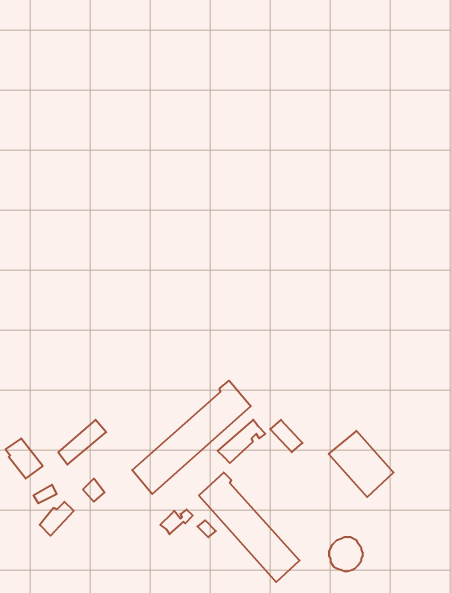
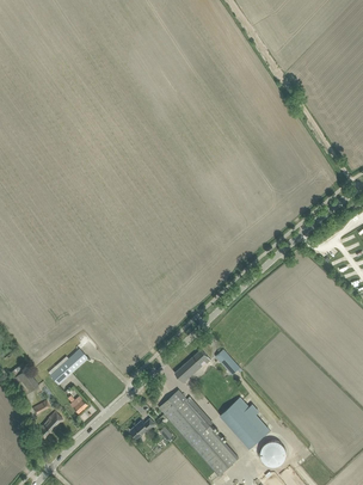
building: [132,381,251,494] -> none
building: [329,431,394,497] -> [220,397,270,448]

